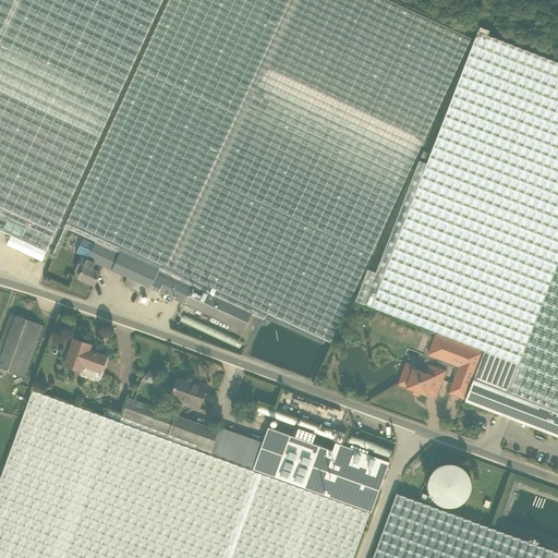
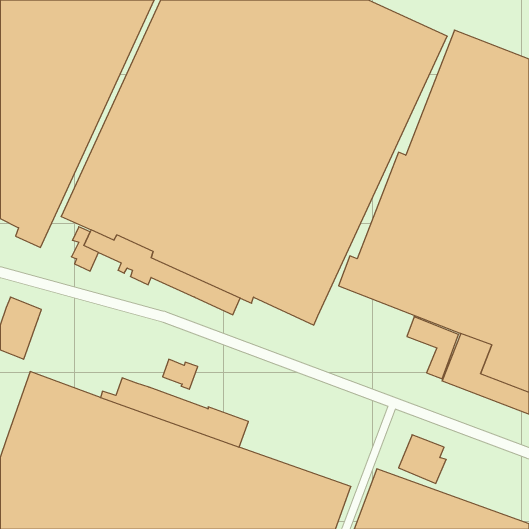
building: [65,339,107,379] -> none
building: [399,366,446,396] -> none
building: [252,430,389,513] -> none

